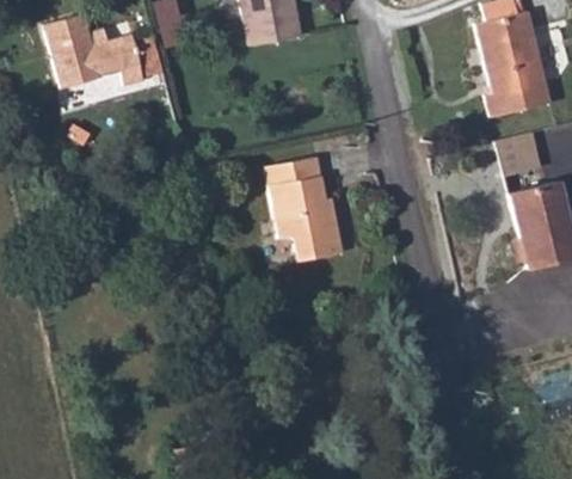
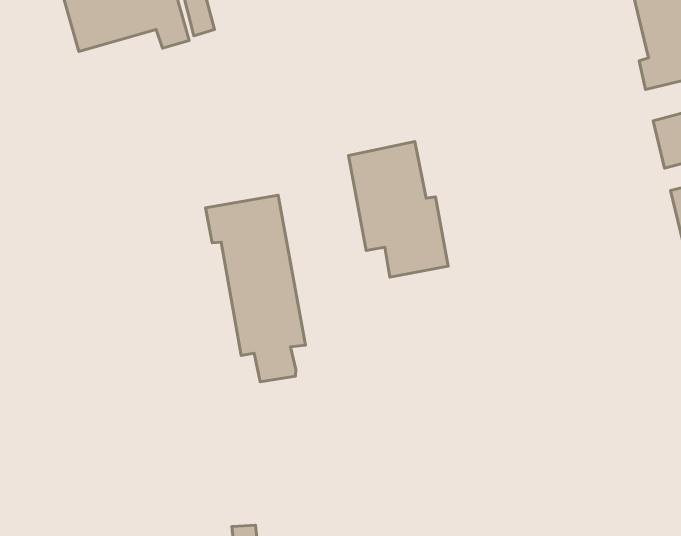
building: none -> [205,195,306,382]

